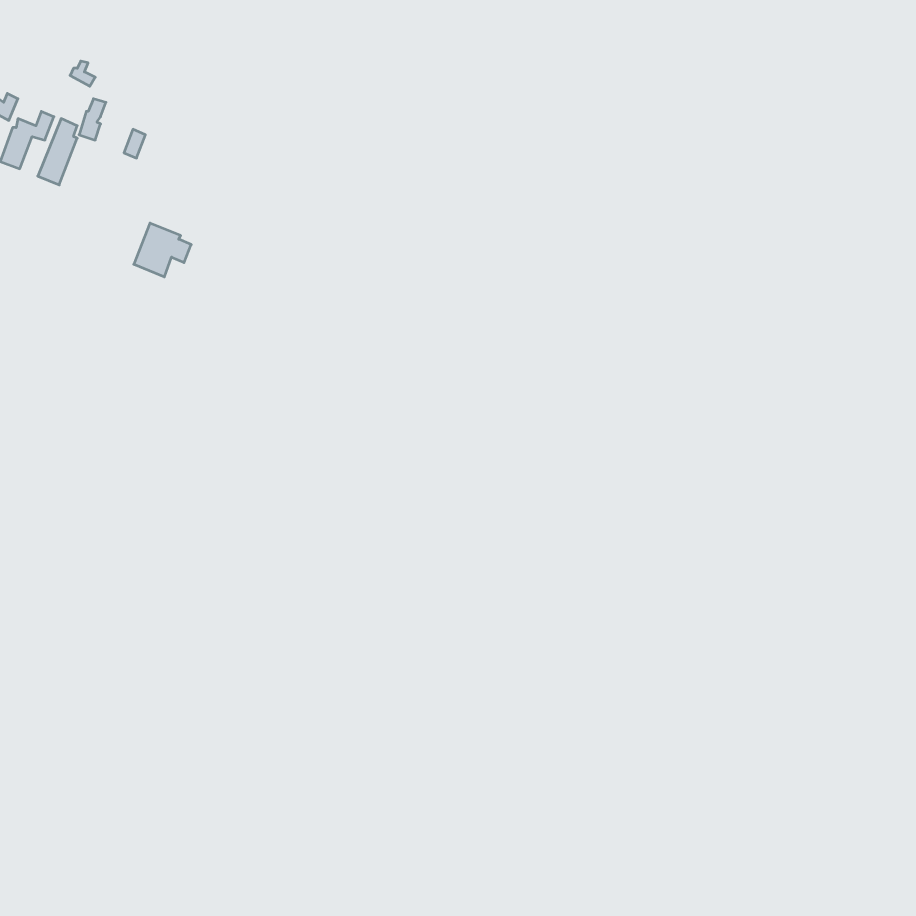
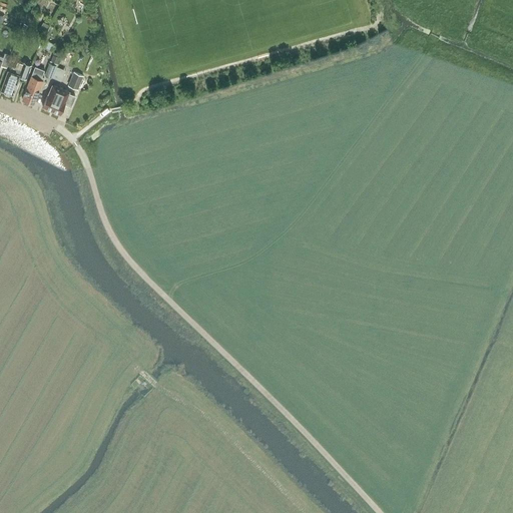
building: [134,223,191,277] -> [42,85,74,115]

